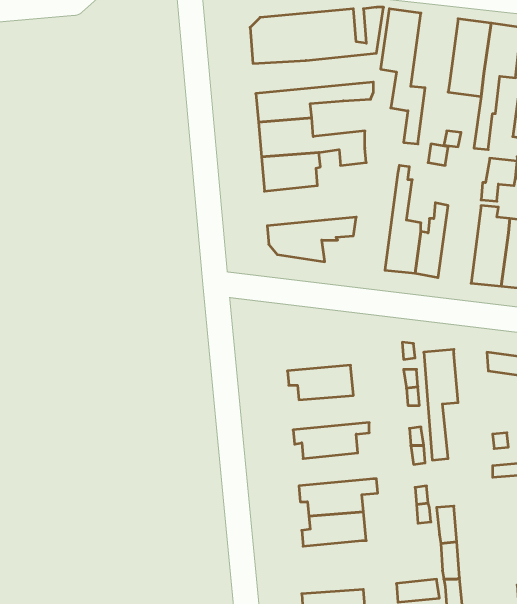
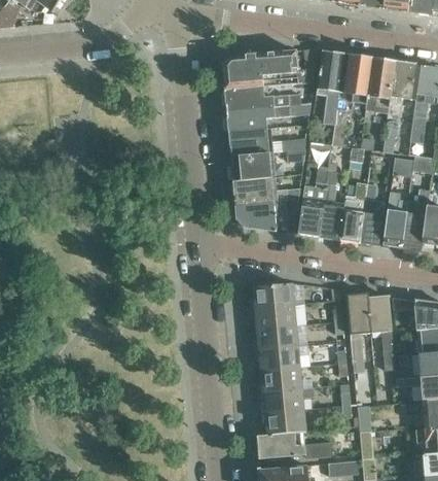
building: none -> [344,53,372,103]
building: none -> [225,87,301,110]
building: none -> [299,165,329,237]
building: none -> [233,176,300,205]
building: none -> [358,183,384,244]
building: none -> [249,280,295,309]
building: none -> [369,296,395,374]
building: none -> [253,327,308,351]
building: none -> [257,368,312,391]
building: none -> [257,431,333,457]

